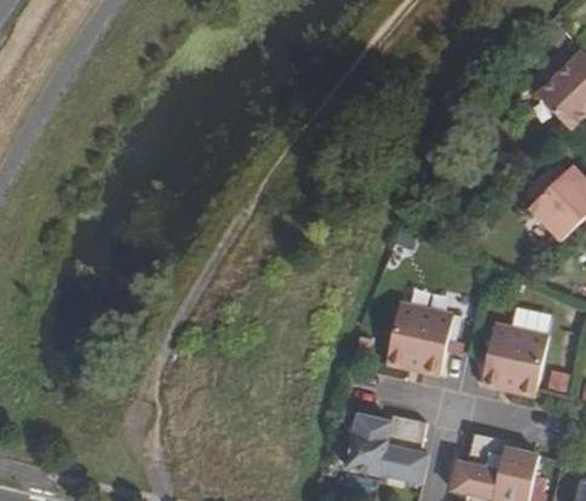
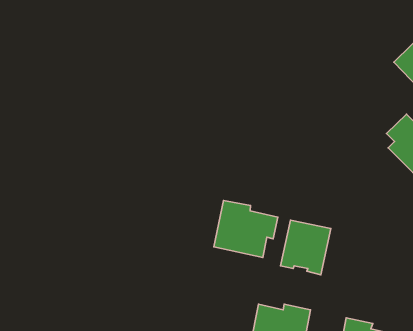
building: none -> [214,200,278,257]
building: [481,323,548,397] -> none

